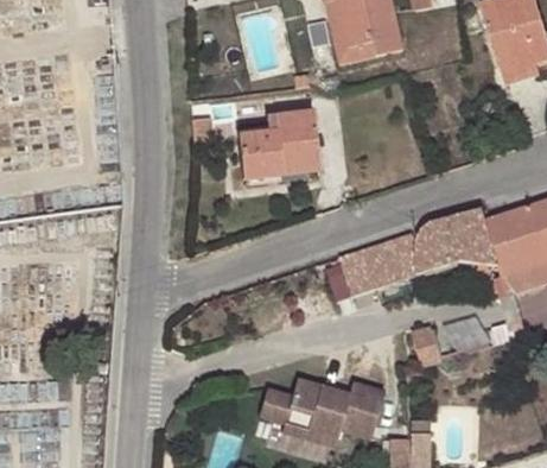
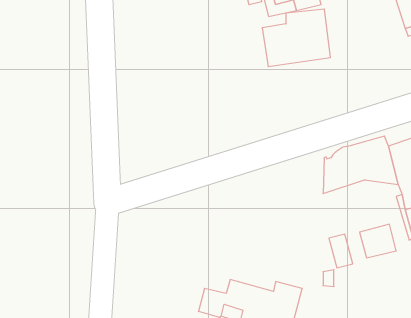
building: [238,112,320,181] -> [262,9,330,66]
building: [337,234,408,296] -> none

